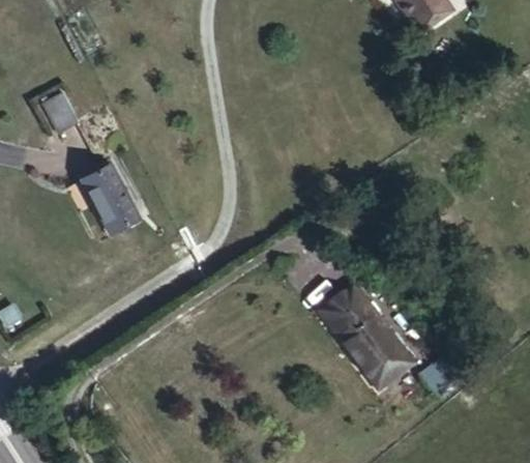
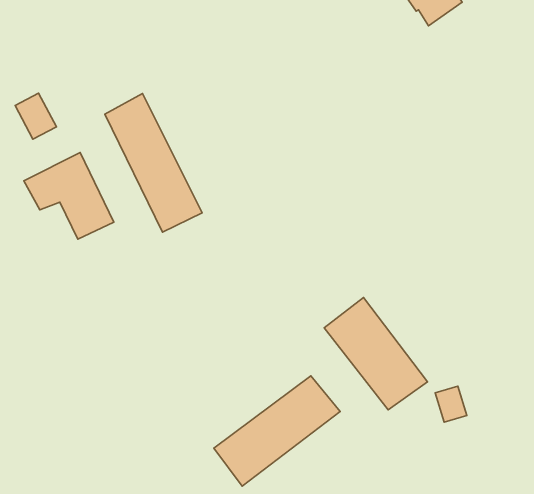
building: none -> [105,93,202,232]
building: none -> [214,376,340,486]

